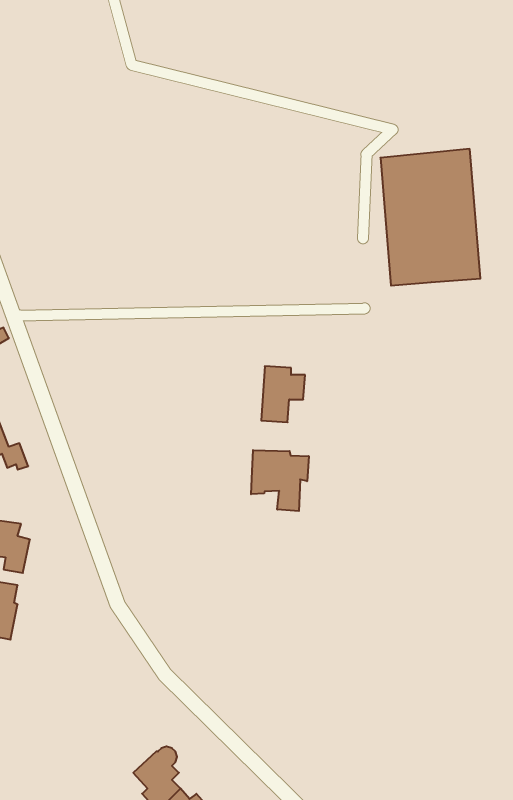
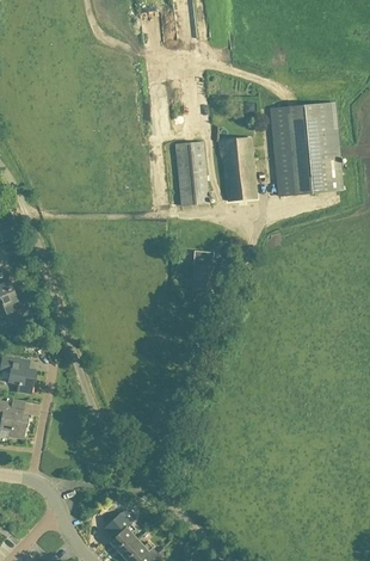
building: none -> [217,137,255,201]
building: none -> [174,142,206,205]
building: [251,450,309,511] -> none

